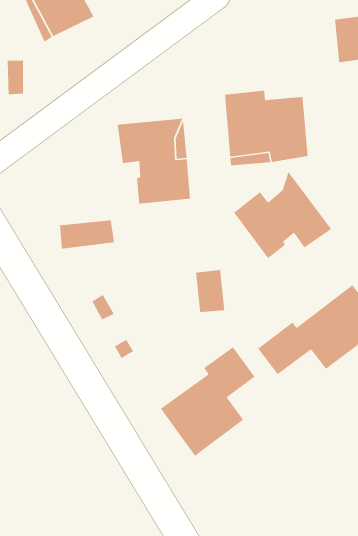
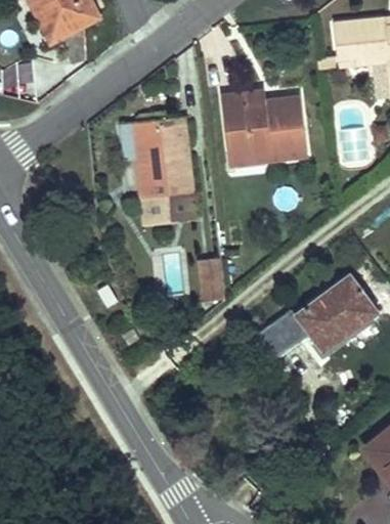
building: [233,171,332,259] -> none
building: [59,219,115,249] -> [143,193,197,222]
building: [160,346,256,457] -> none

